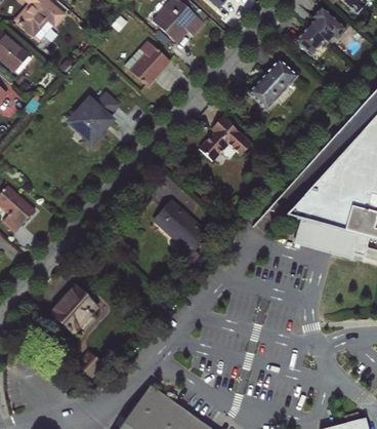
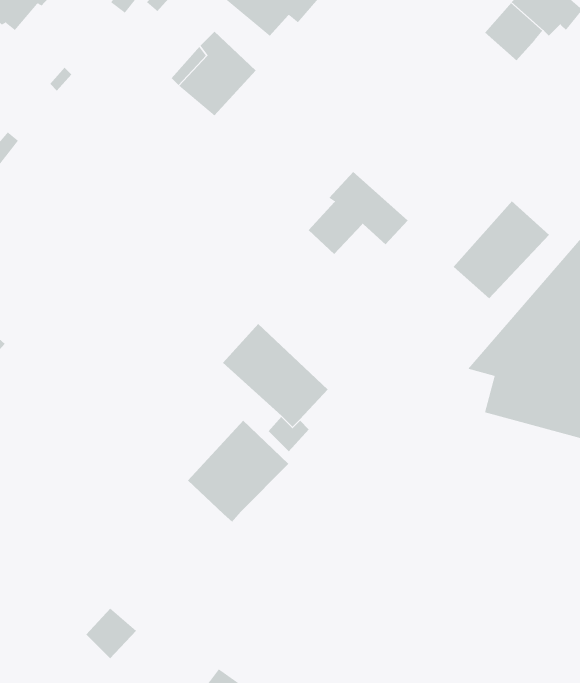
building: [247,56,299,110] -> [453,201,550,299]
building: [66,90,121,150] -> none
building: none -> [187,420,289,523]
building: [49,283,100,336] -> none

